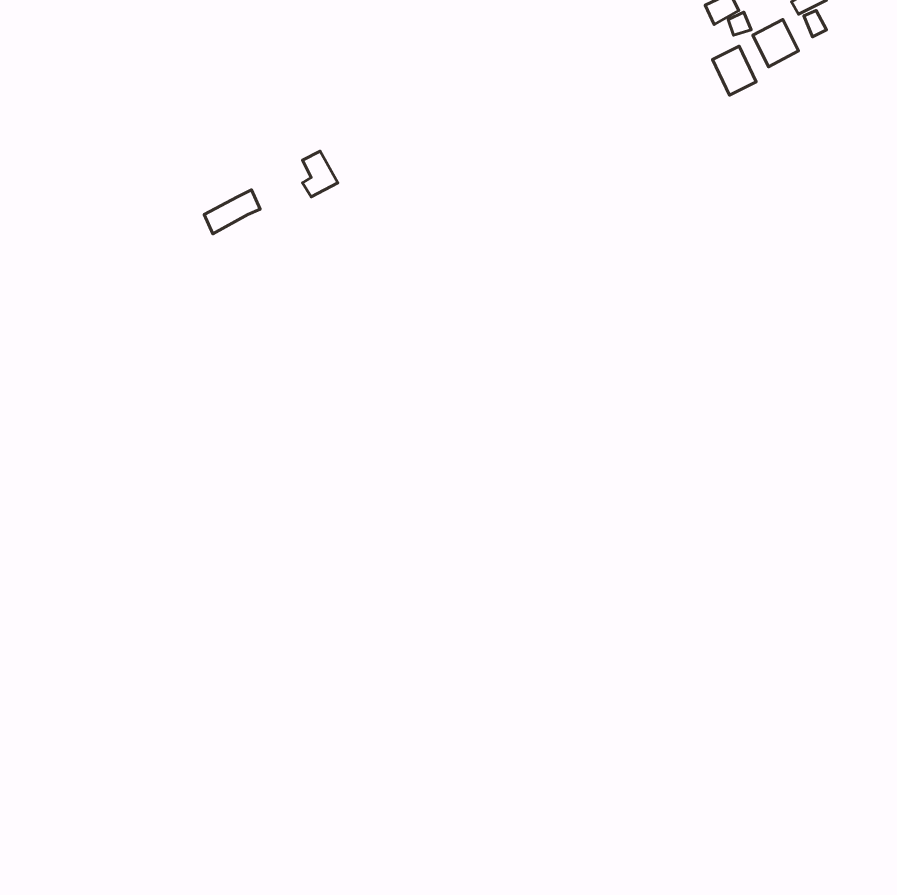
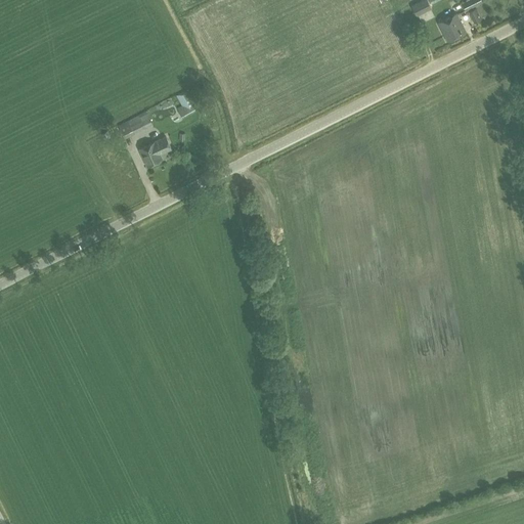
building: [712,46,756,95] -> none
building: none -> [138,134,171,165]

